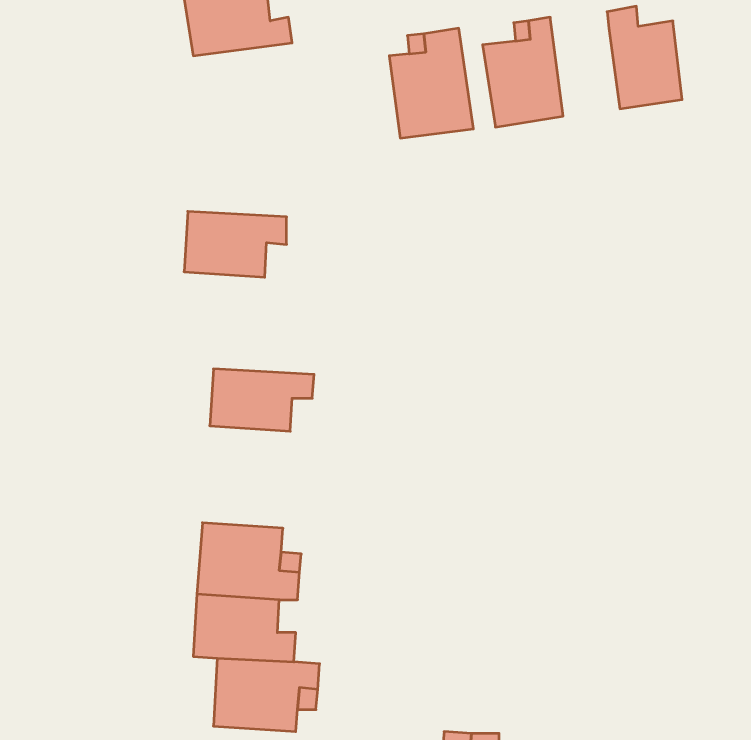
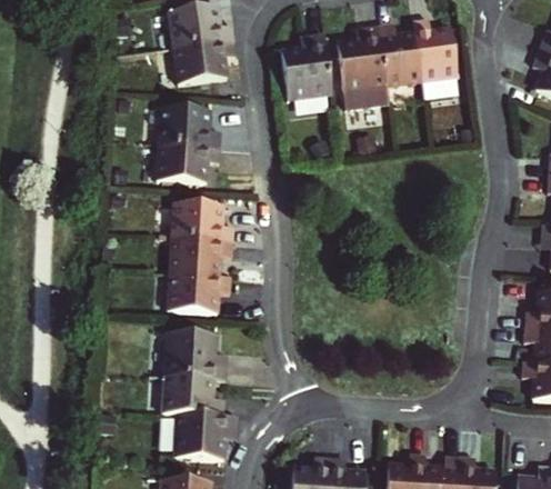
building: none -> [378,23,420,86]
building: none -> [161,41,223,84]
building: none -> [158,109,219,147]
building: none -> [173,202,234,242]
building: none -> [169,273,232,313]

